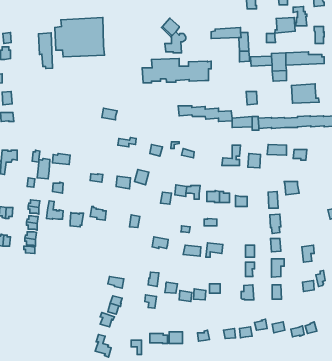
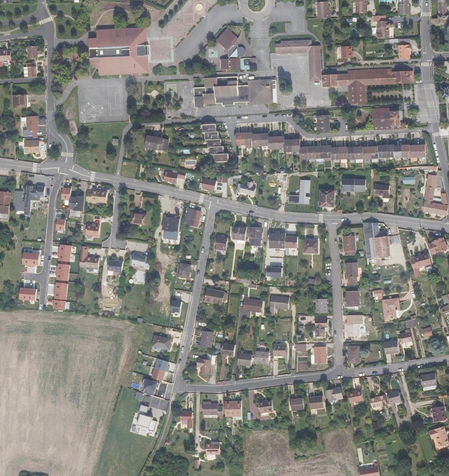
building: [275,17,295,33] -> none
building: [38,33,53,69] -> none
building: none -> [202,123,228,161]
building: none -> [364,236,390,257]

